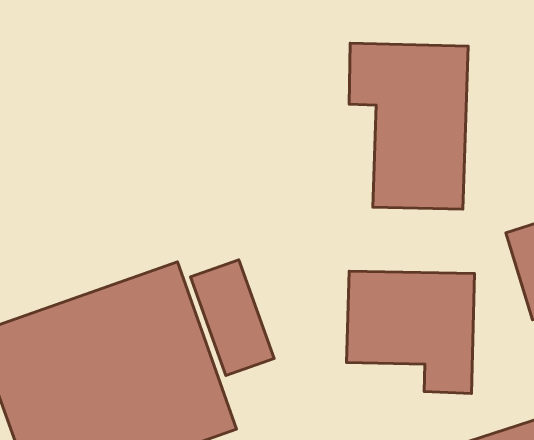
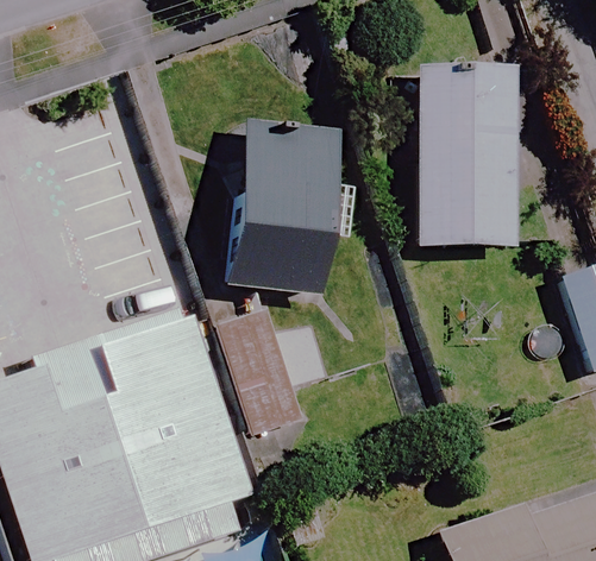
building: none -> [232,122,340,297]
building: [346,271,475,393] -> none

